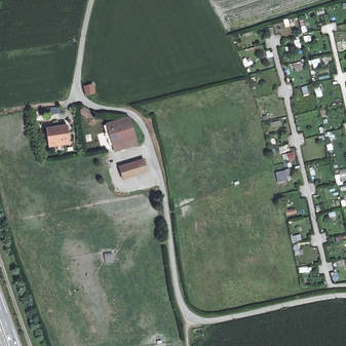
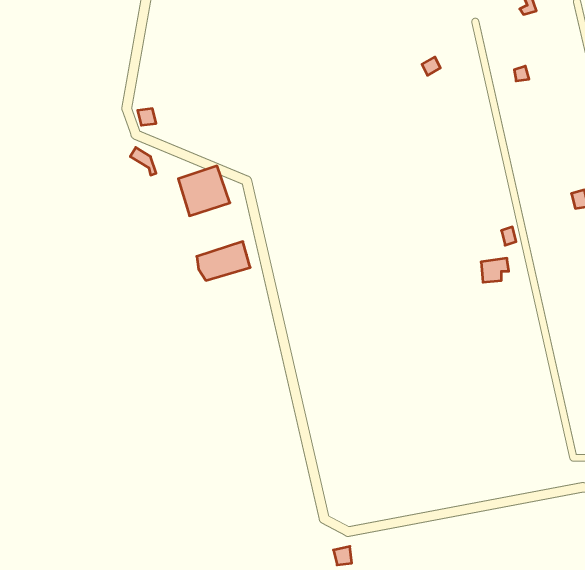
building: [47,125,71,148] -> none

